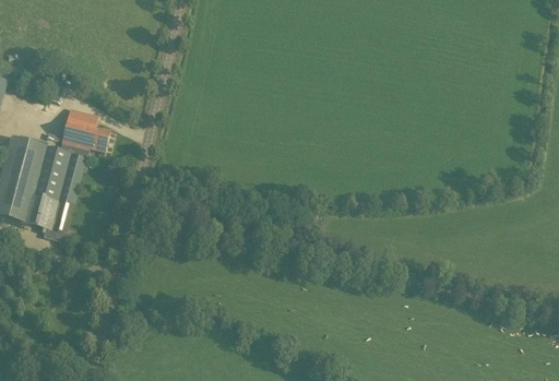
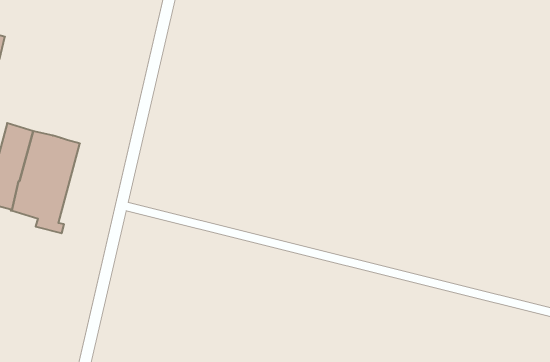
building: [58,109,108,154] -> none

